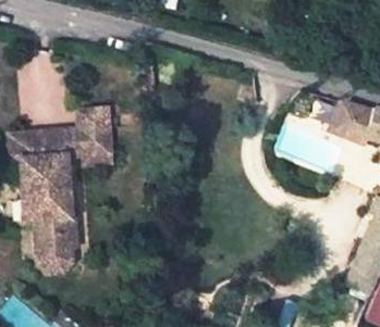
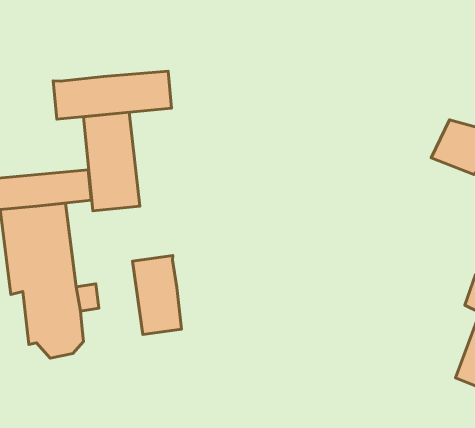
building: none -> [53,71,172,119]
building: none -> [132,255,182,334]

